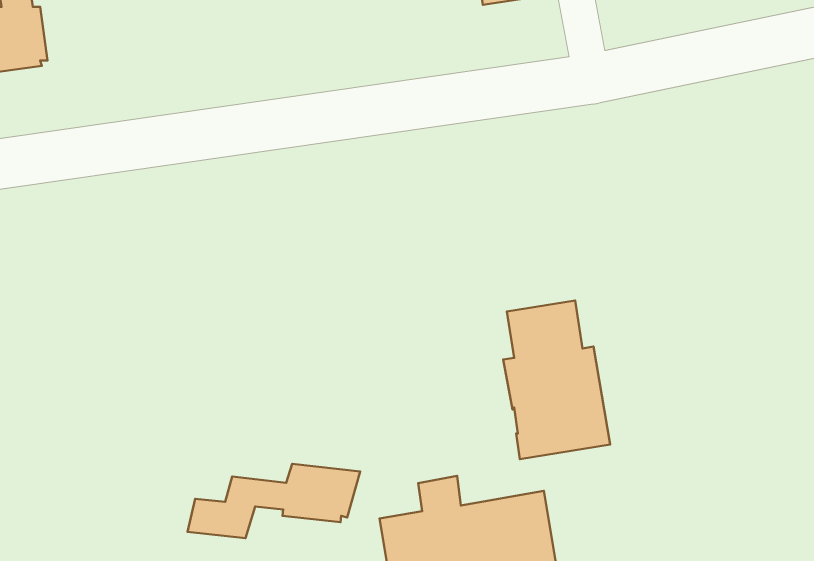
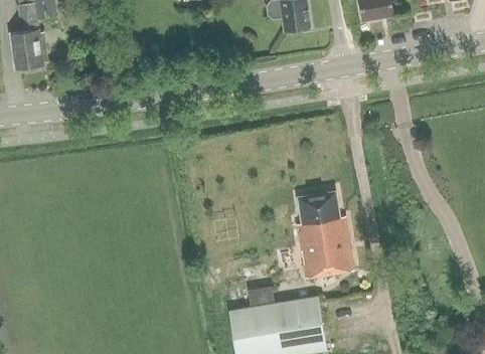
building: [188,464,360,538] -> none

